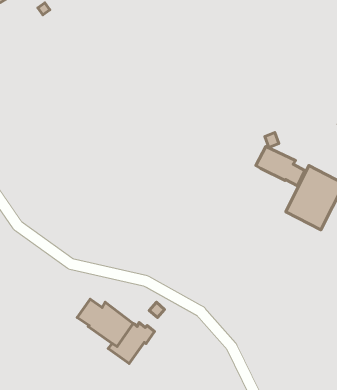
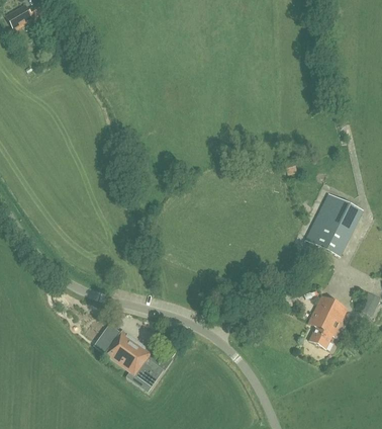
building: [256,146,305,186] -> none
building: none -> [308,295,347,348]

